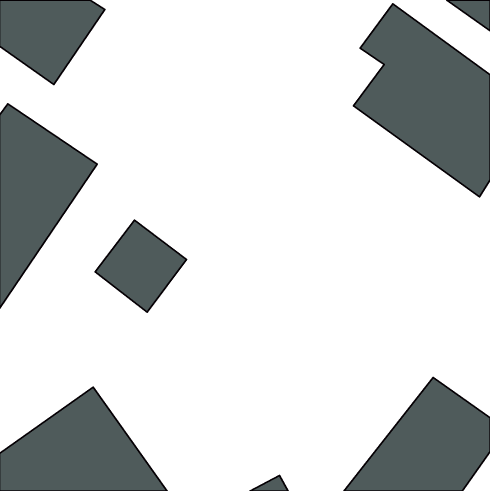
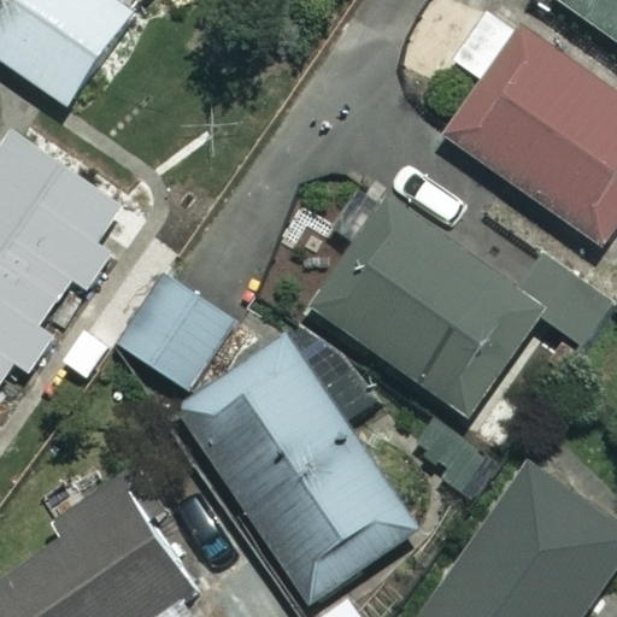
building: none -> [312,200,543,418]
building: none -> [180,337,418,601]

